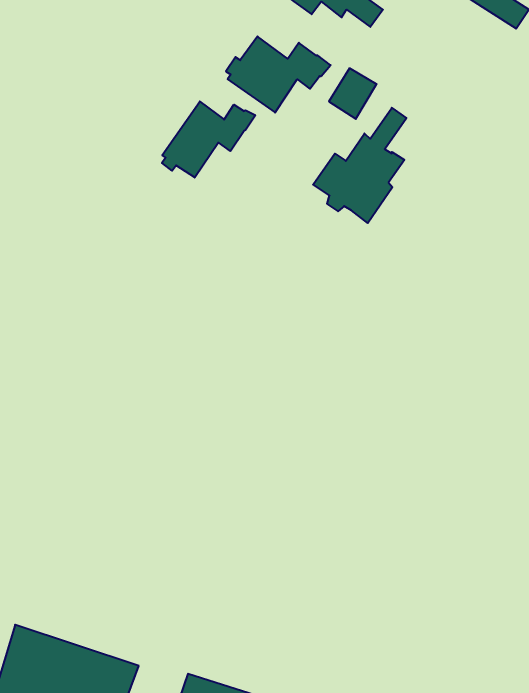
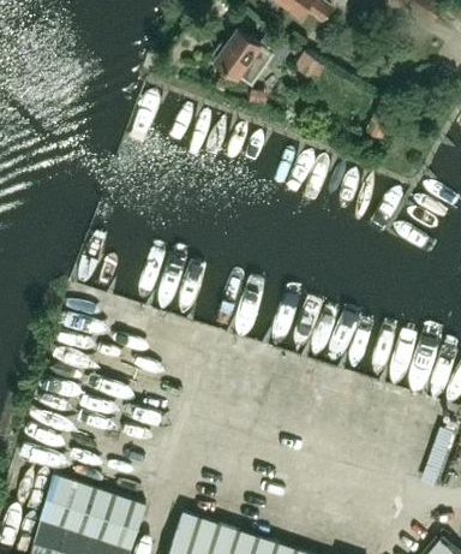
building: [162,101,255,178] -> none
building: [313,108,406,223] -> none

